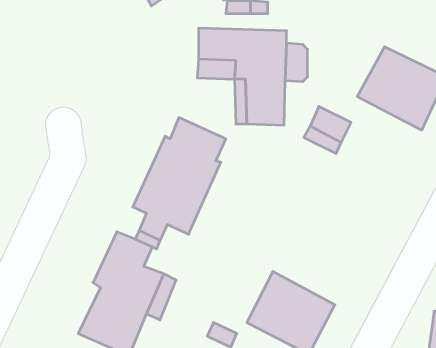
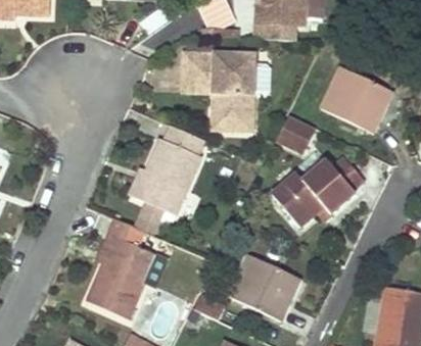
building: none -> [271,154,362,229]

